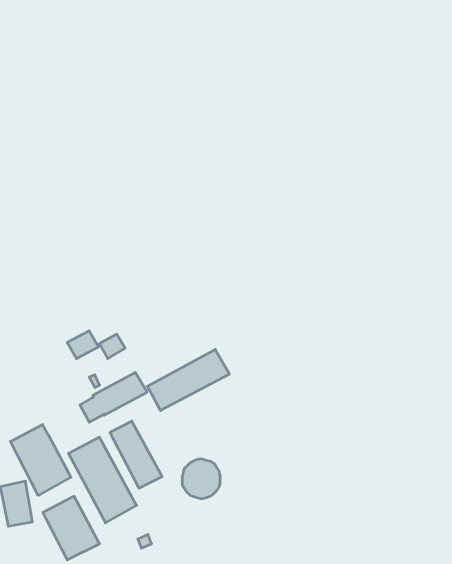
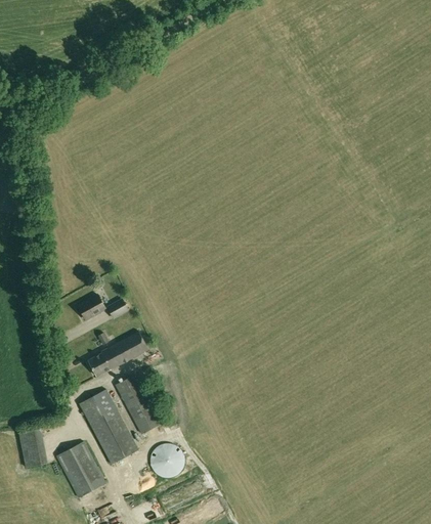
building: [147,349,229,411] -> none
building: [10,424,71,495] -> none
building: [182,459,220,499] -> [149,443,183,478]

